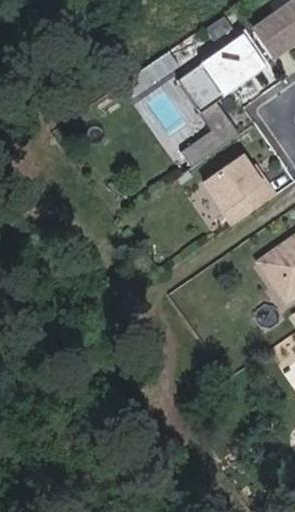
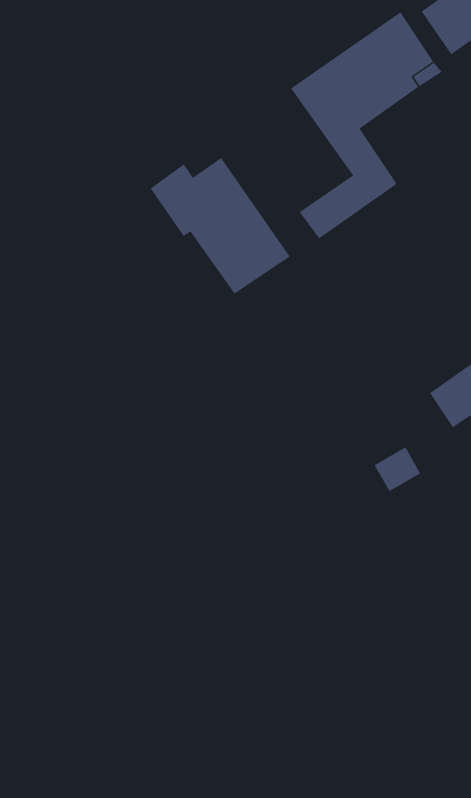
building: none -> [150,157,291,295]
building: [205,157,276,221] -> none

